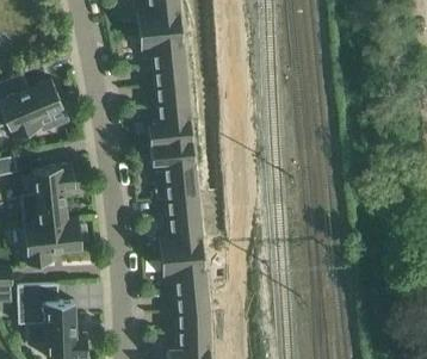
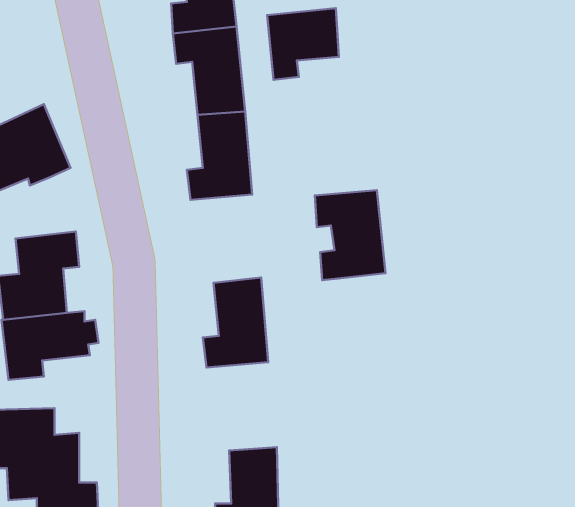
building: none -> [267,8,339,80]
building: [151,141,199,202] -> [315,190,386,280]
building: [162,254,210,314] -> none

